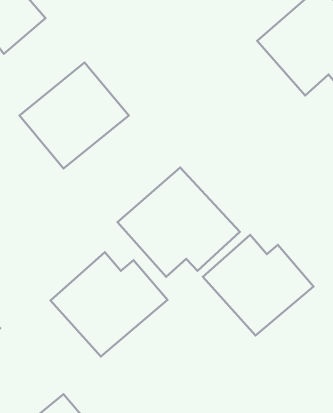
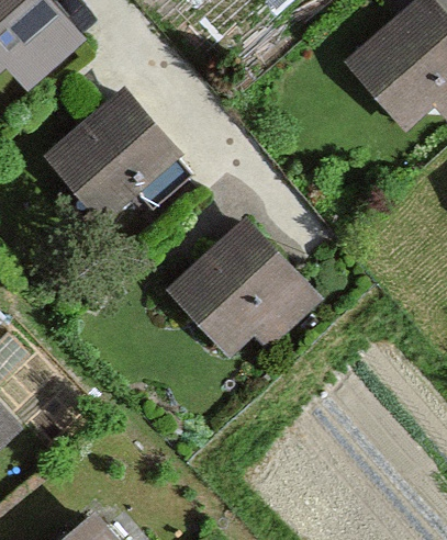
building: [203,235,314,335] -> none
building: [50,252,167,356] -> none

